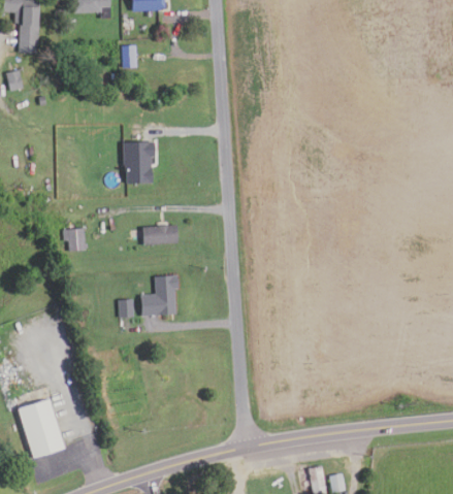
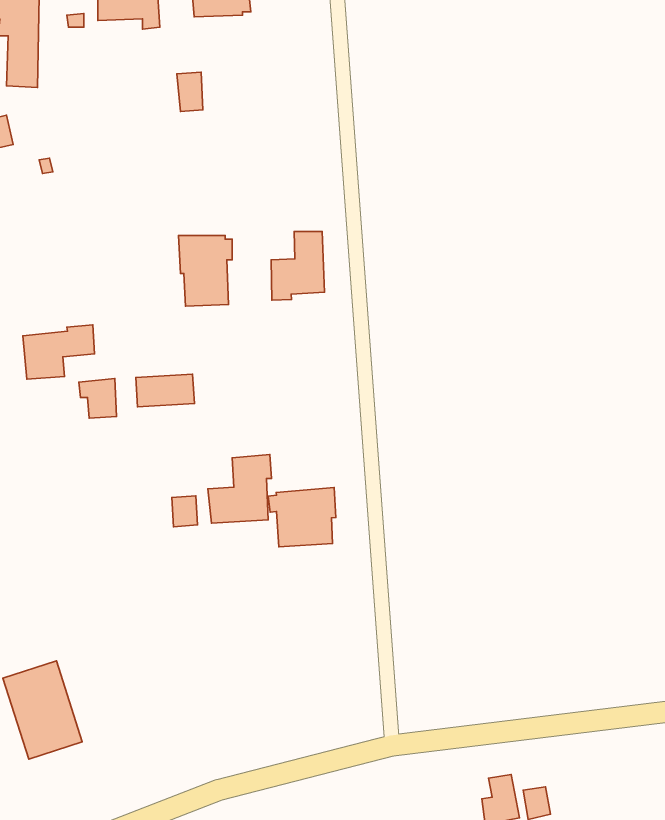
building: none -> [271,231,325,300]
building: none -> [23,325,94,379]
building: [143,224,179,243] -> [136,374,194,407]
building: none -> [268,488,336,547]

